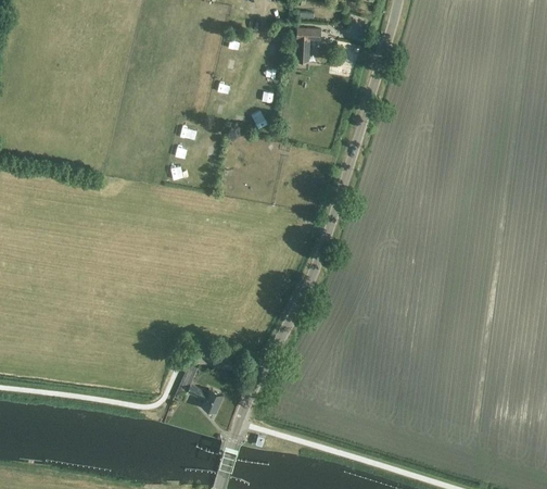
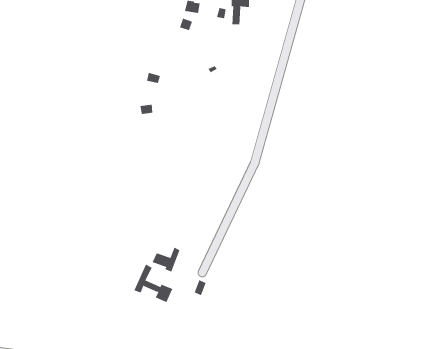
building: none -> [152,247,180,273]

